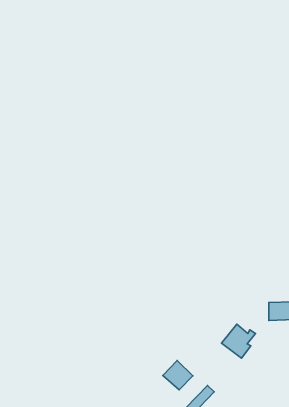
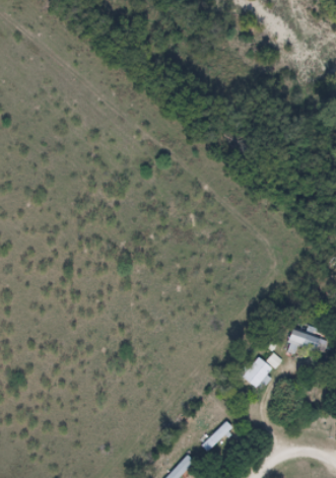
building: [163,361,193,390] -> none

